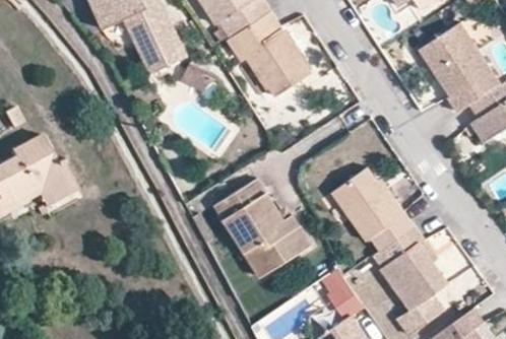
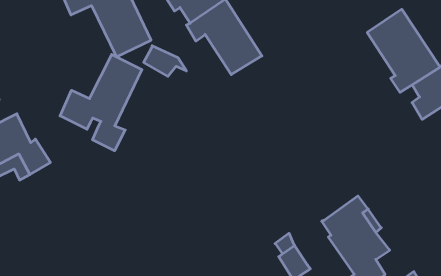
building: none -> [60,54,142,151]
building: [329,165,414,252] -> none
building: [214,178,309,277] -> none

